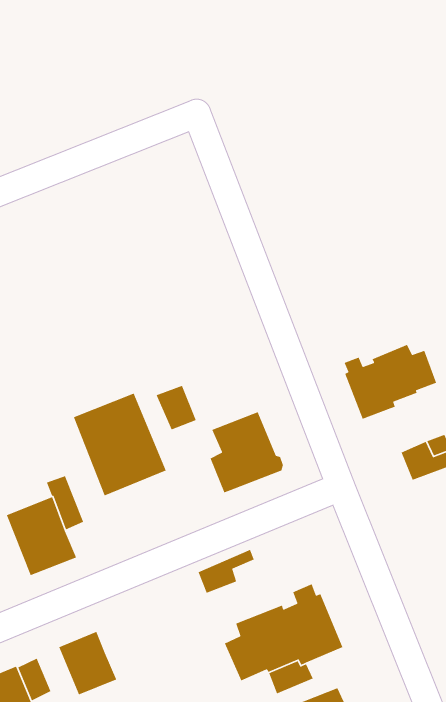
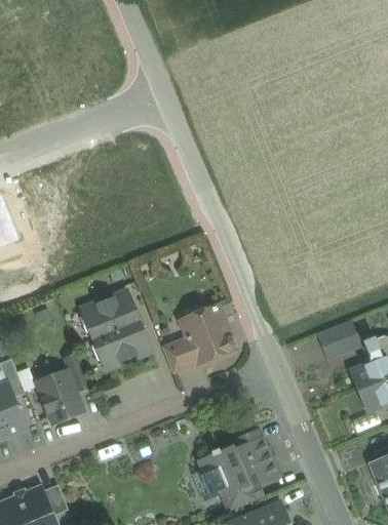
building: [343,344,437,420] -> none
building: [156,385,197,430] -> [161,340,191,373]
building: [197,549,255,594] -> none
building: [58,631,117,696] -> none

